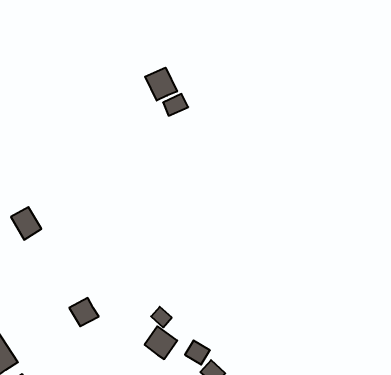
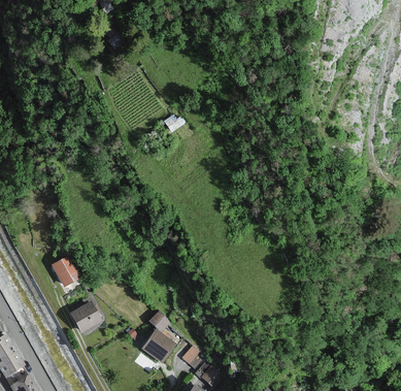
building: [145,68,177,101] -> none
building: [11,207,41,240] -> [53,257,81,288]

